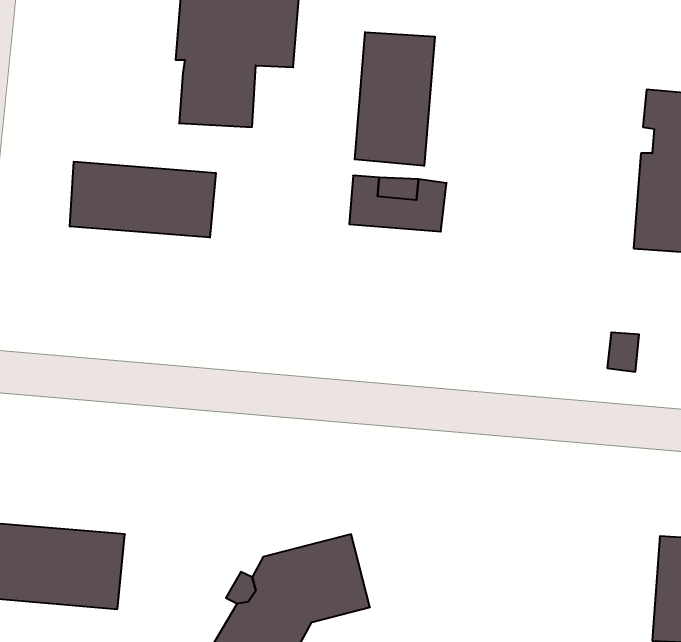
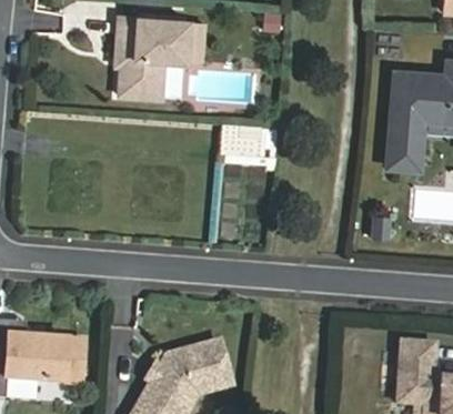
building: [355,32,435,166] -> none
building: [70,162,216,238] -> none

